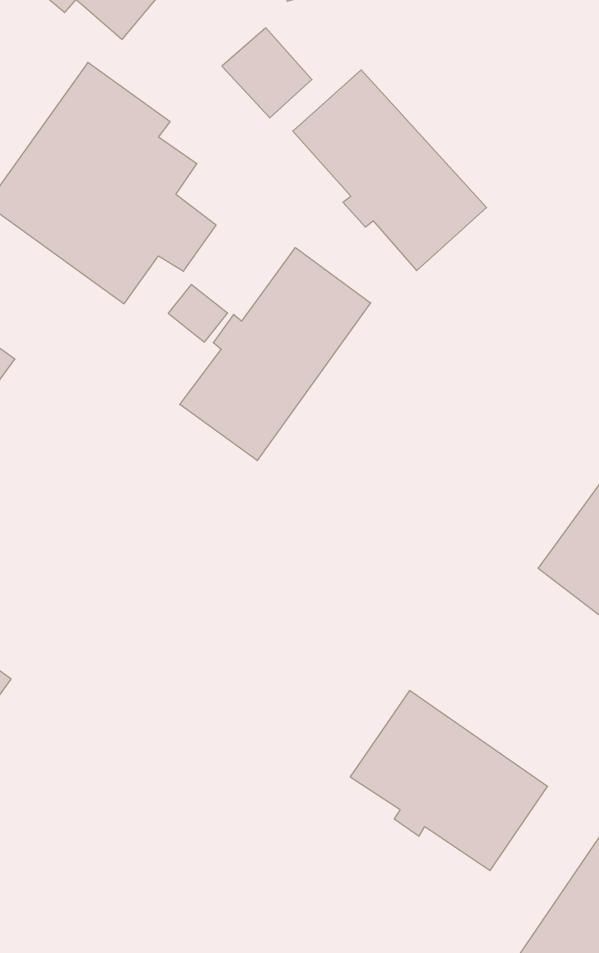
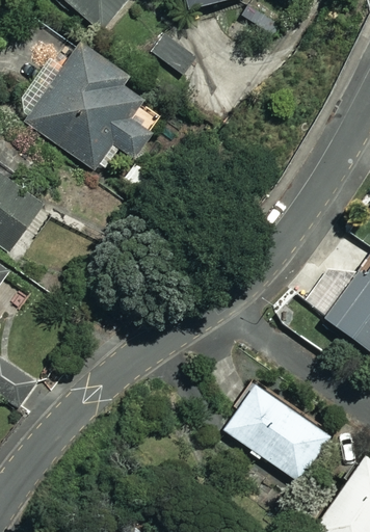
building: [293,70,487,271] -> none
building: [180,248,371,461] -> none

